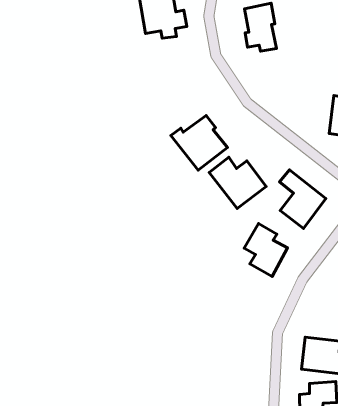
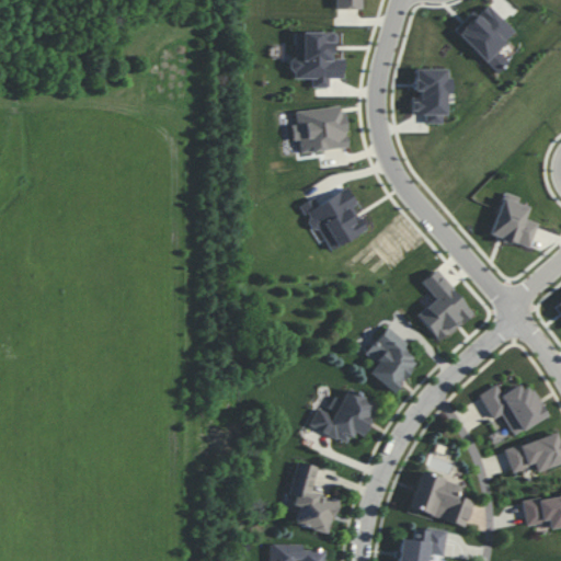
building: none -> [294,104,350,152]
building: [209,157,266,209] -> none
building: none -> [310,389,378,444]
building: none -> [290,461,340,534]

